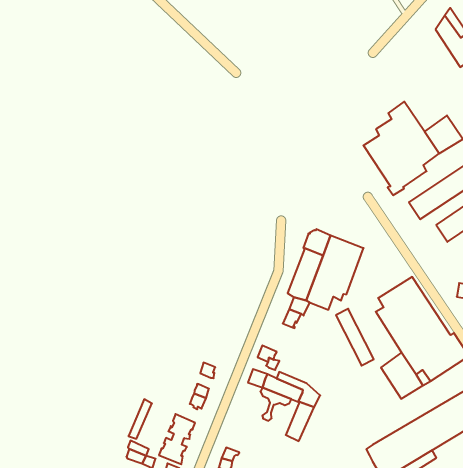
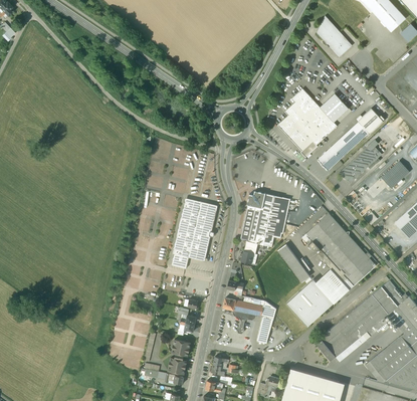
building: none -> [172,200,216,269]
building: none -> [286,278,335,326]

